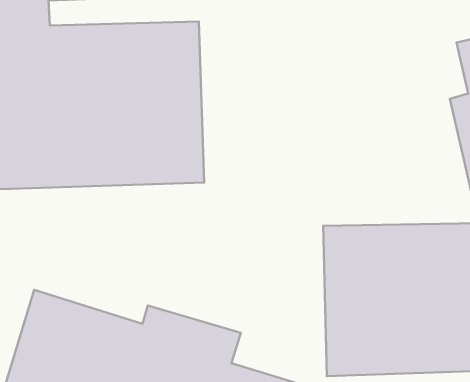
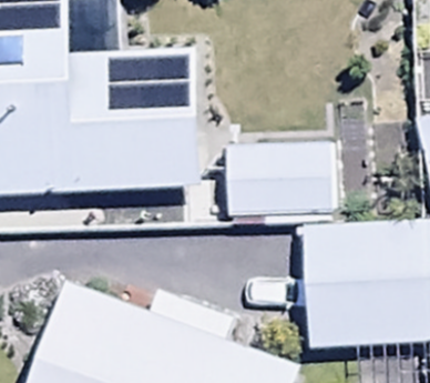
building: none -> [222,140,334,213]

